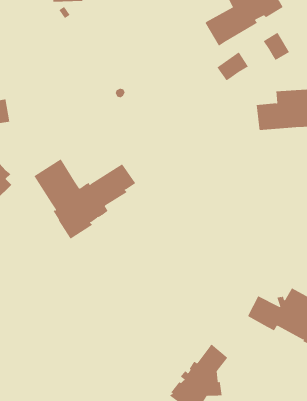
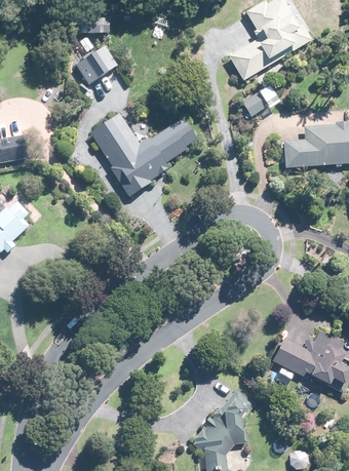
building: none -> [76,46,117,84]
building: [263,32,290,61] -> none
building: [34,159,136,240] -> [90,113,197,197]

